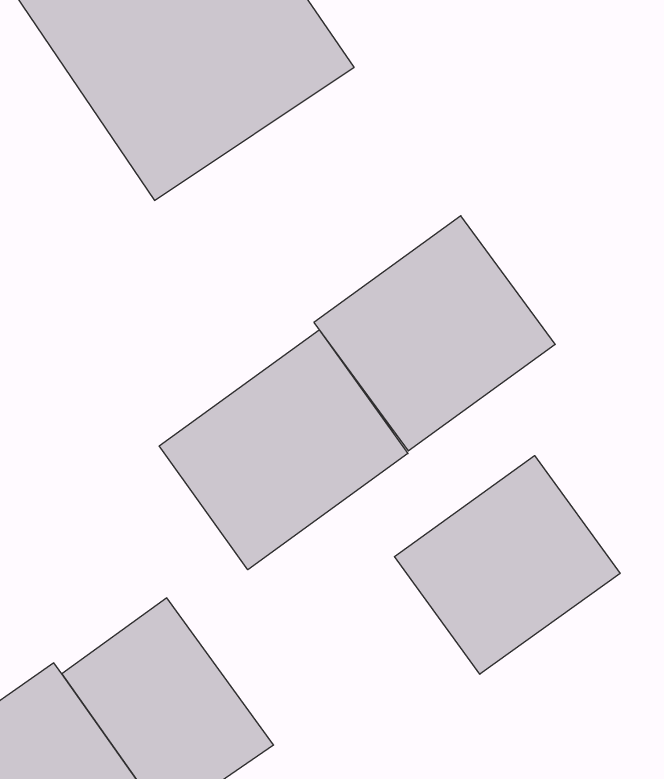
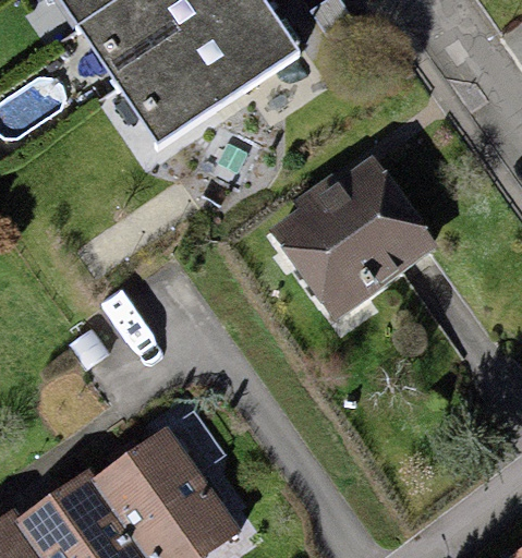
building: [159,330,408,570] -> none
building: [394,456,620,674] -> none

